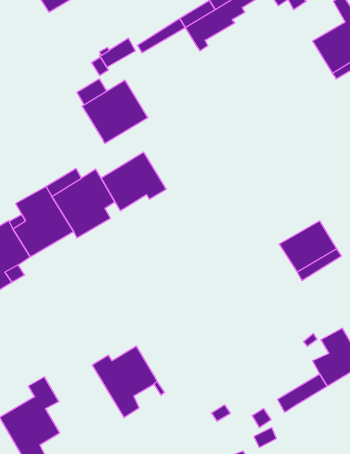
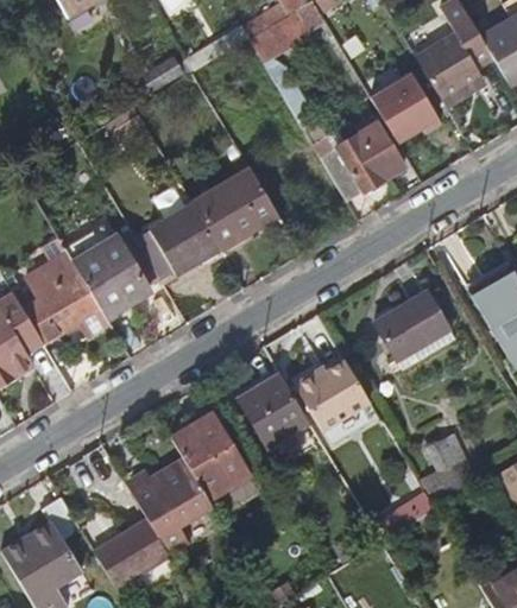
building: none -> [371,72,443,141]
building: [82,80,148,144] -> [193,167,279,251]
building: none -> [297,110,405,202]
building: none -> [294,360,371,431]
building: none -> [239,375,309,448]
building: none -> [172,412,252,500]
building: none -> [93,515,170,588]

